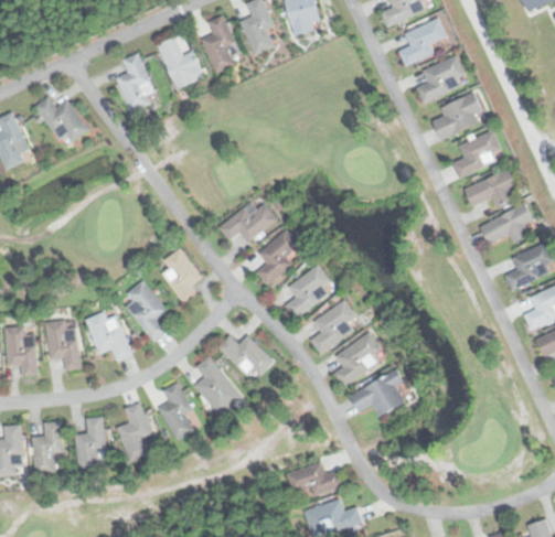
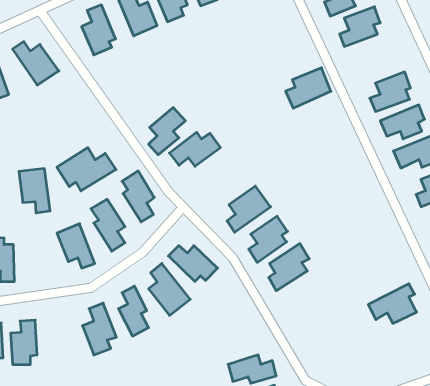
building: [431,93,484,140] -> [286,68,331,108]
building: none -> [57,148,116,191]
building: [256,229,299,284] -> [149,108,185,155]
building: [44,319,81,370] -> [19,169,50,213]
building: [349,370,405,417] -> [368,284,417,323]
building: [74,417,105,470] -> none

